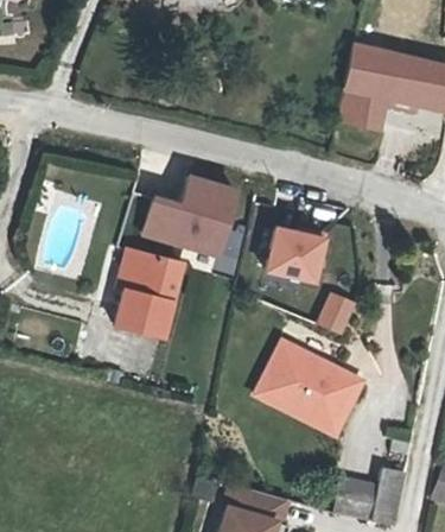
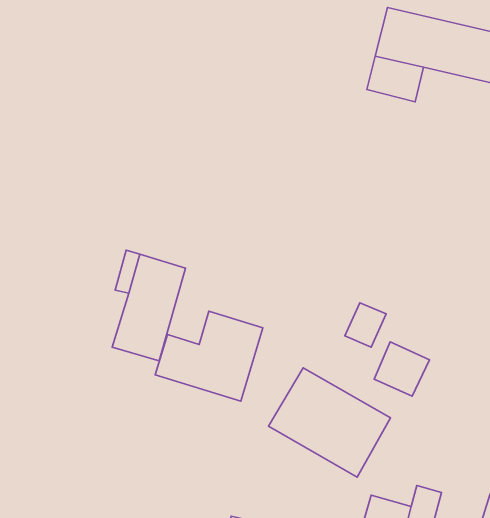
building: [146,179,239,256] -> [155,311,263,401]
building: [268,229,329,285] -> none
building: none -> [374,342,430,396]

